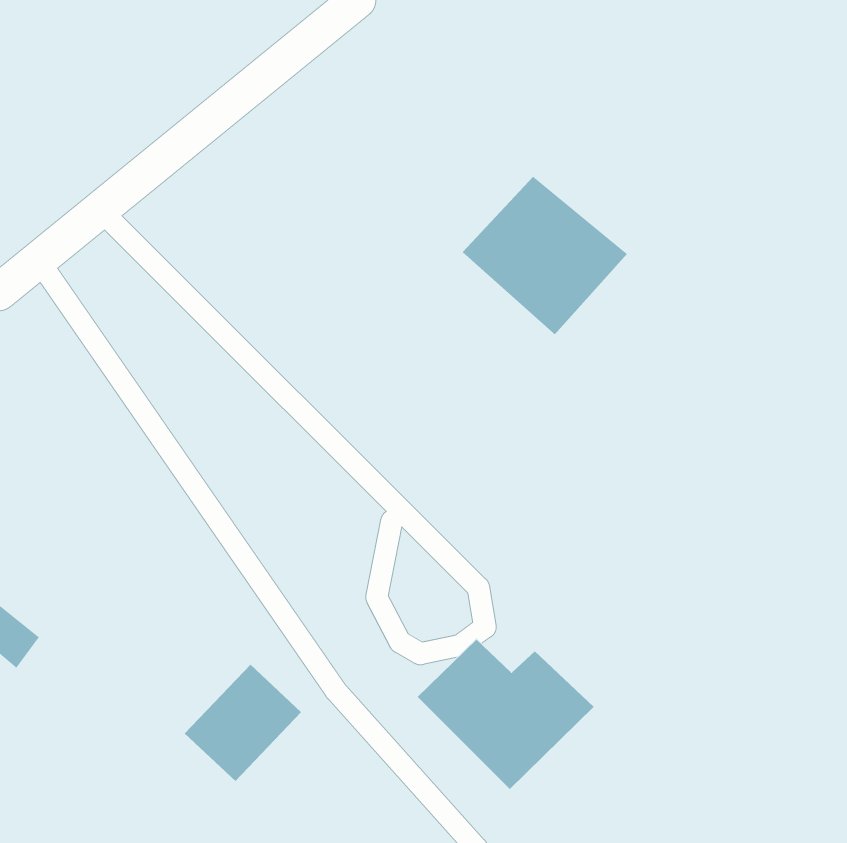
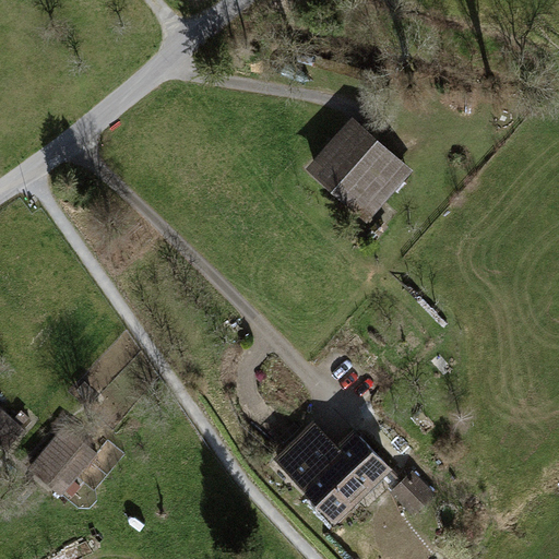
building: [184,664,302,782] -> [25,423,103,500]
building: none -> [388,472,435,518]

